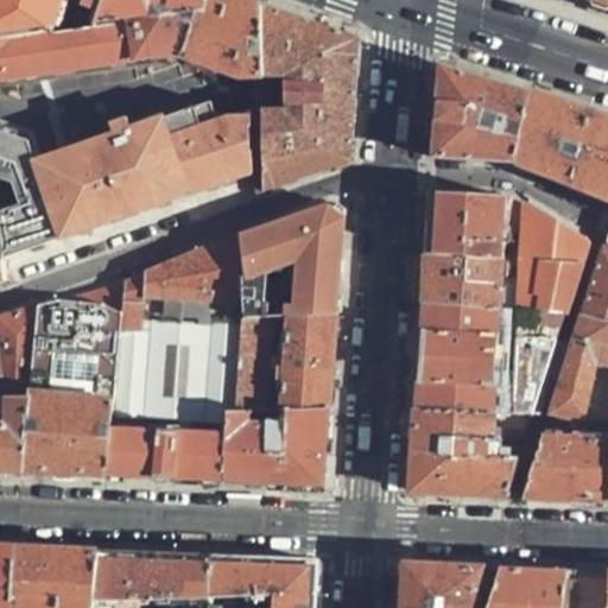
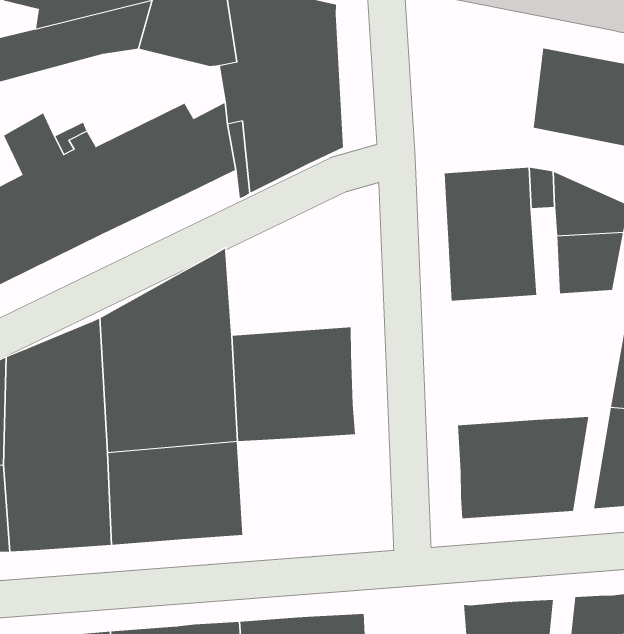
building: [436,68,528,164] -> none
building: [233,204,343,316] -> none
building: [417,304,499,414] -> none
building: [512,309,564,417] -> none
building: [222,403,329,488] -> none

